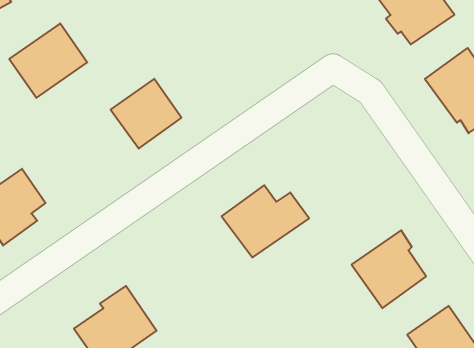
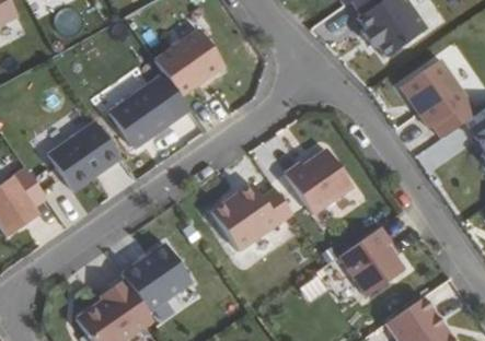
building: none -> [154,30,223,96]
building: [9,23,87,98] -> [50,125,123,193]
building: none -> [286,150,354,215]
building: none -> [120,243,190,311]

